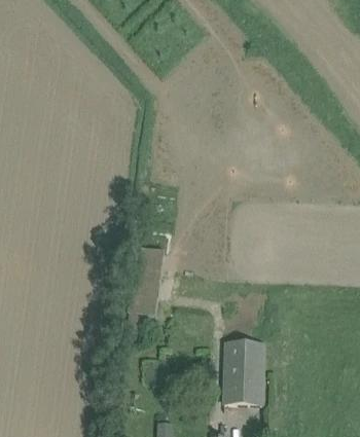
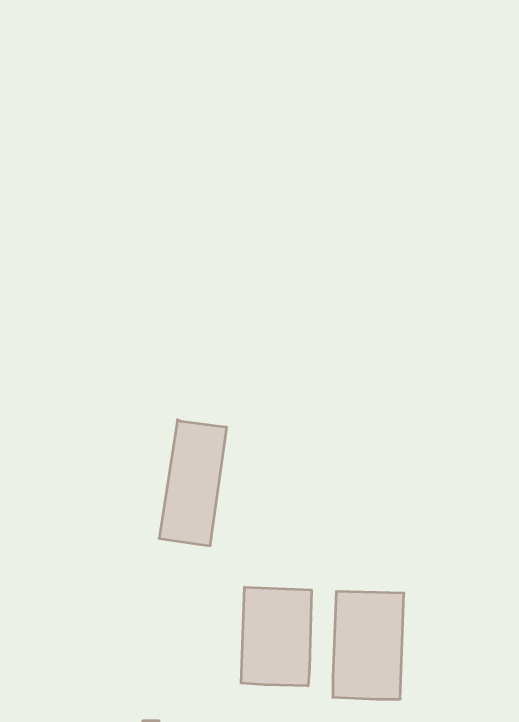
building: none -> [241,587,311,686]

